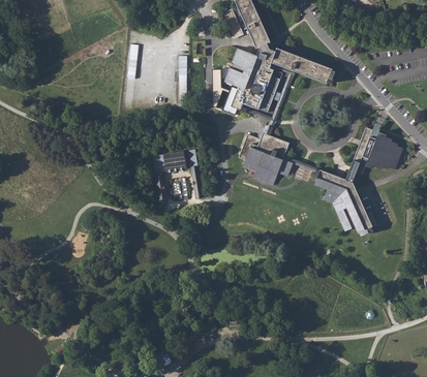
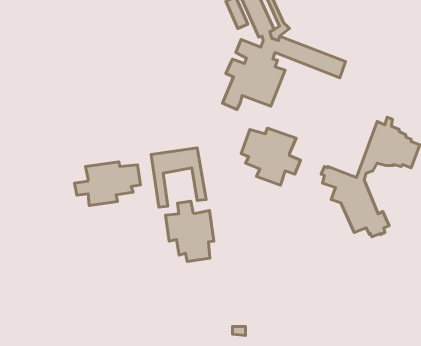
building: none -> [75,162,140,206]
building: none -> [165,201,214,262]

